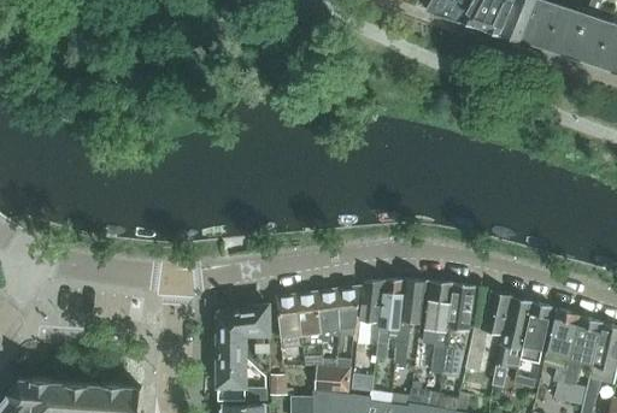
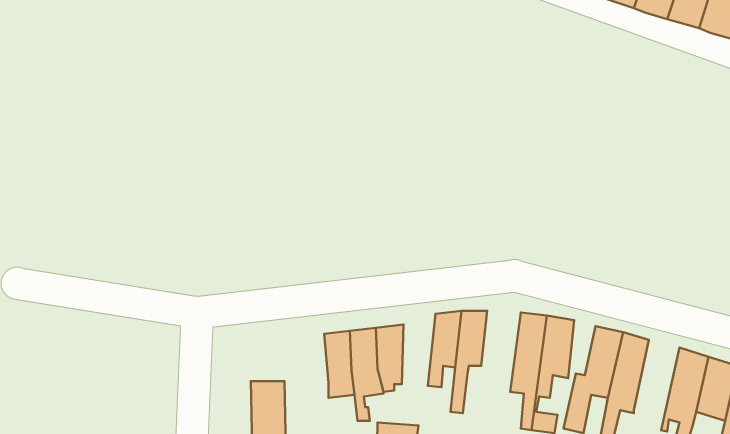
building: [398,278,425,343] -> none
building: [337,285,360,340] -> none
building: [521,301,552,361] -> none
building: [218,305,270,370] -> none

